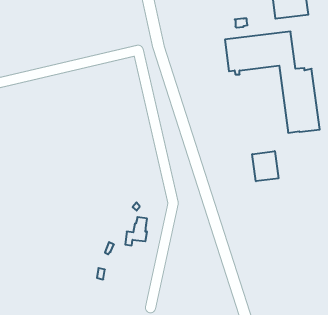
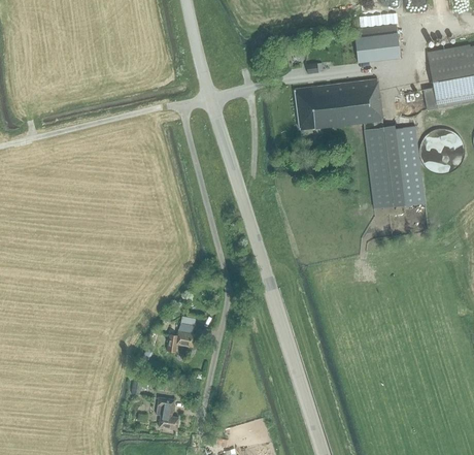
building: [252,151,278,181] -> none
building: none -> [157,396,179,429]

